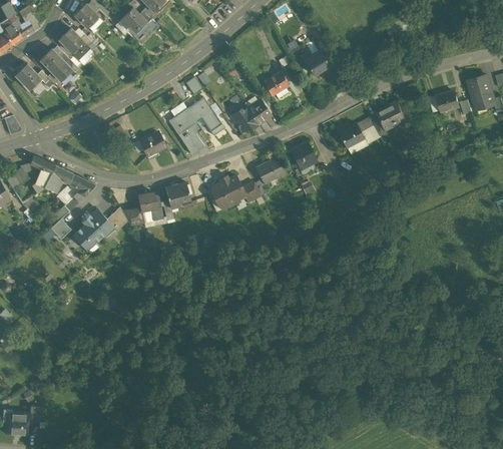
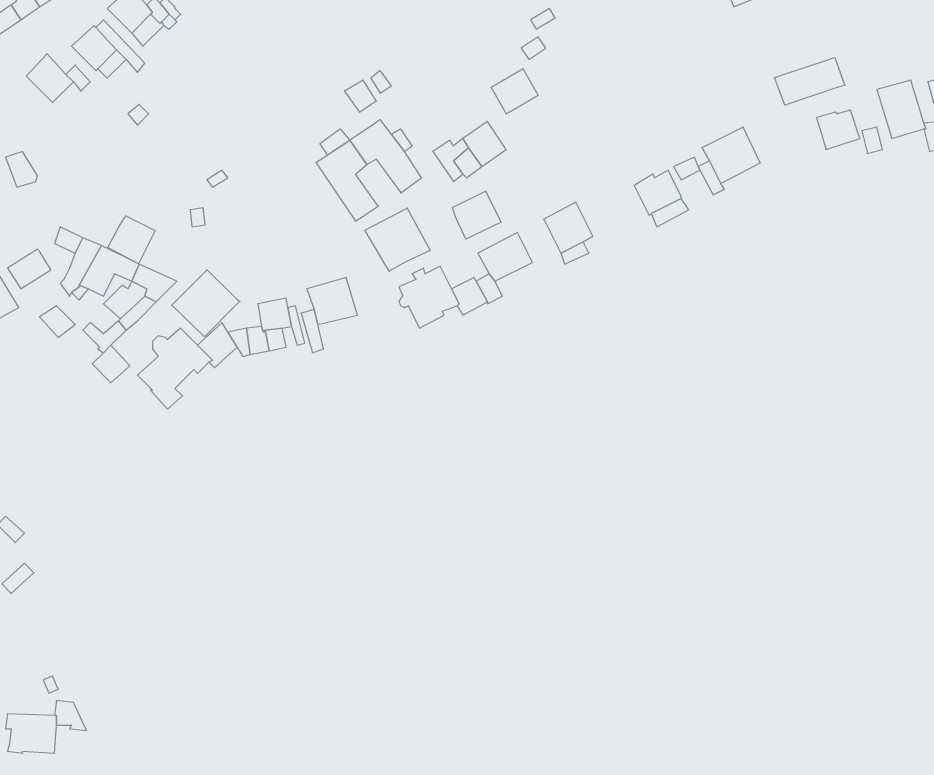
building: [300,48,330,74] -> none
building: none -> [774,58,845,105]
building: [137,132,165,158] -> none
building: none -> [453,191,501,239]
building: none -> [365,208,430,271]
building: none -> [108,216,155,264]
building: none -> [172,270,240,337]

